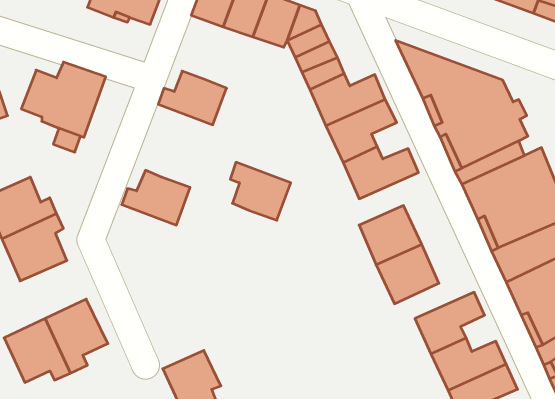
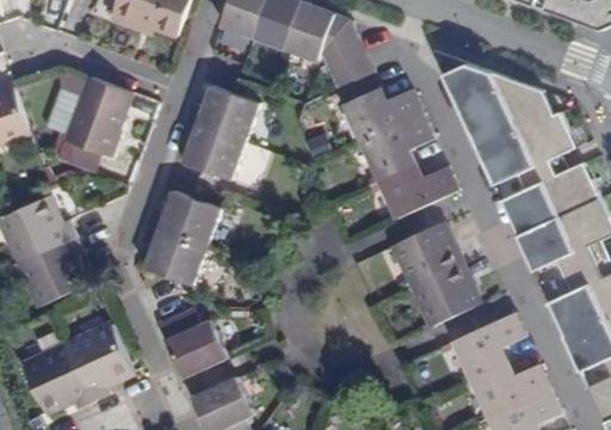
building: [230,162,291,220] -> [179,118,242,179]
building: none -> [140,223,204,283]
building: none -> [159,307,226,375]

